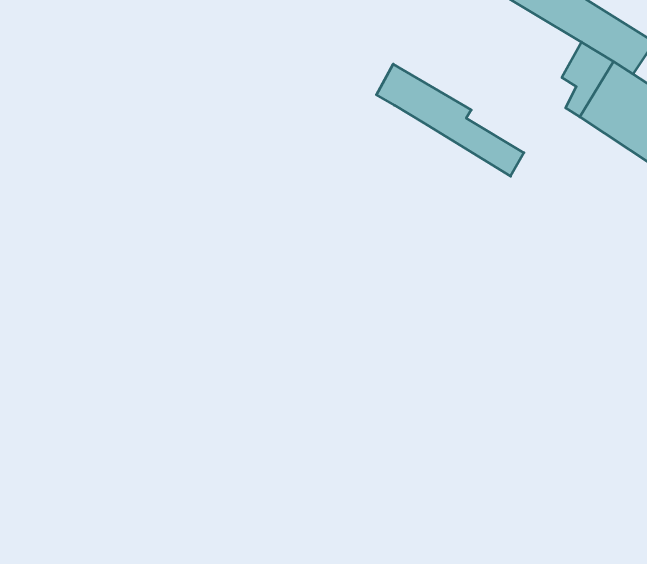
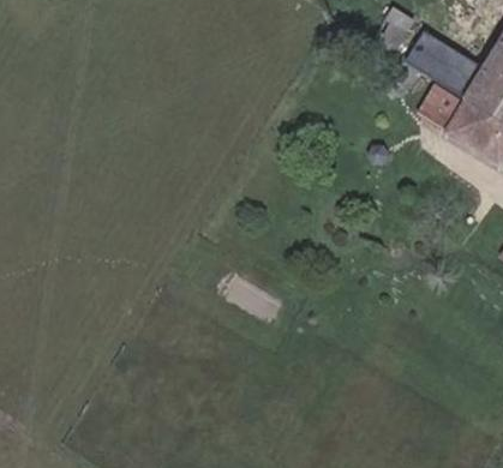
building: [376,64,524,176] -> none

